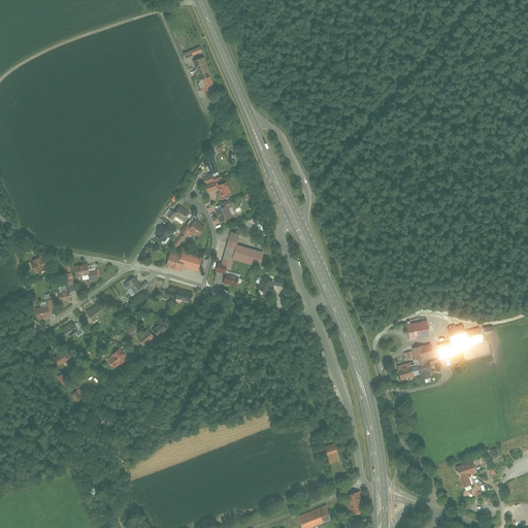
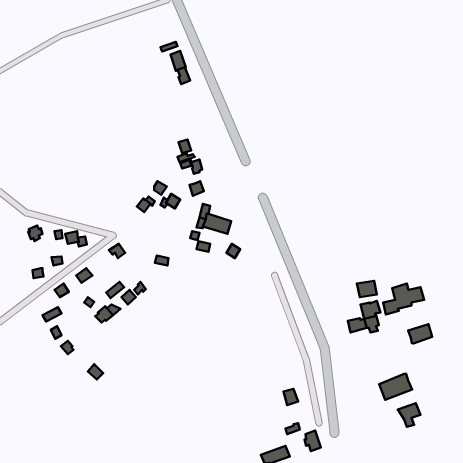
building: [167,251,202,271] -> none
building: none -> [408,324,432,343]
building: none -> [379,374,412,400]

